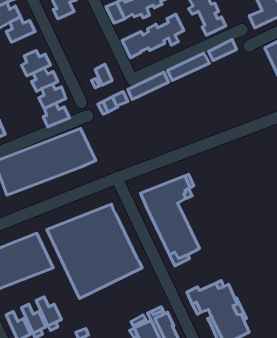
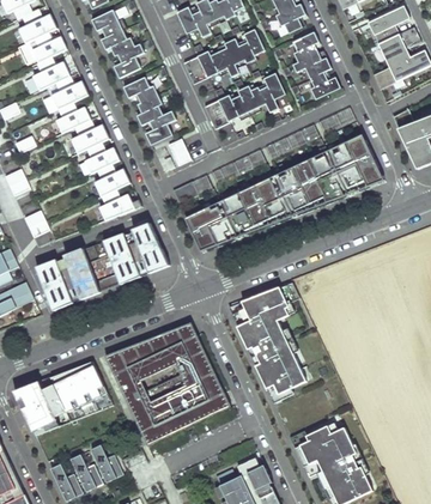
building: none -> [122,77,175,145]
building: none -> [56,102,90,133]
building: none -> [184,134,383,250]

